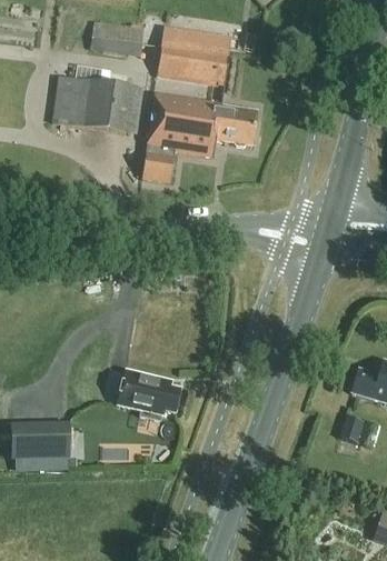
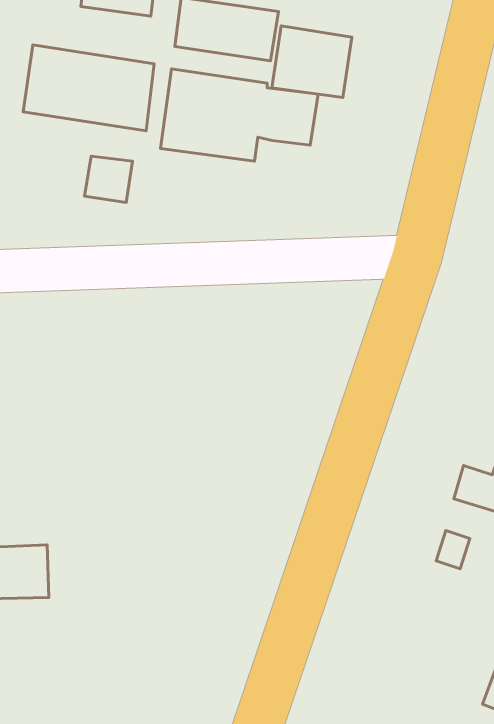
building: none -> [272,26,352,97]
building: [142,150,176,182] -> [85,156,132,202]
building: [117,369,181,420] -> none

